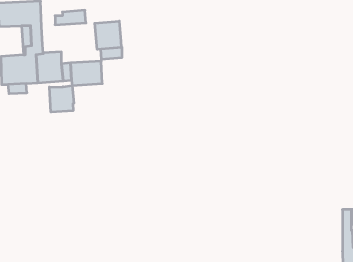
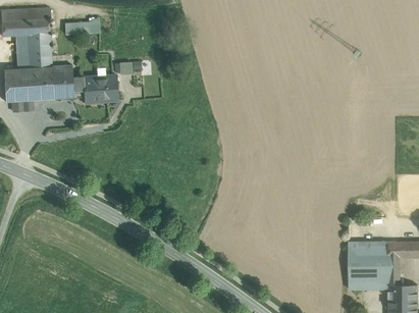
building: [95,21,121,49] -> none
building: [49,85,74,112] -> none
building: none -> [348,242,387,290]

